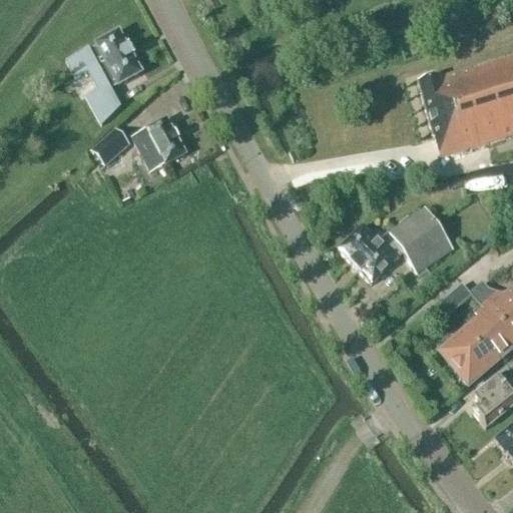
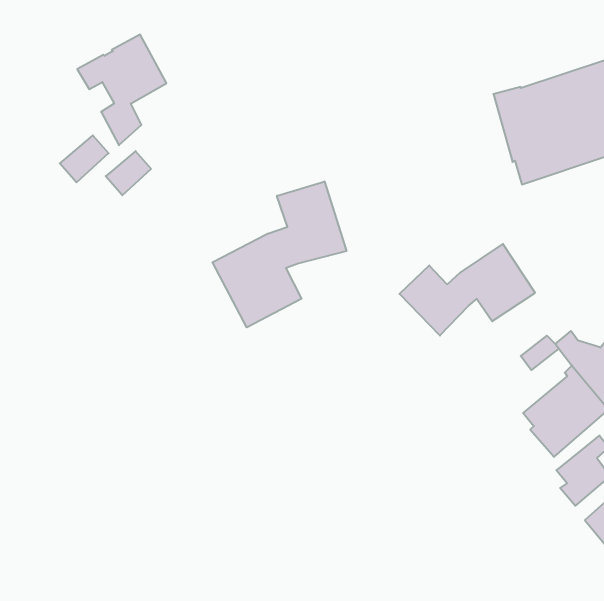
building: none -> [60,135,109,182]
building: [133,116,187,170] -> none
building: none -> [212,181,346,327]

